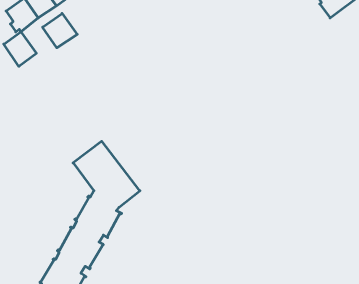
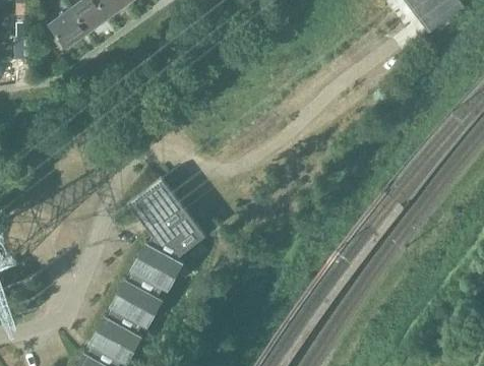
building: [43,13,77,48] -> none
building: [4,32,36,66] -> none

